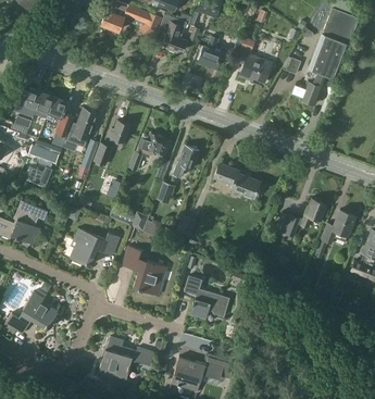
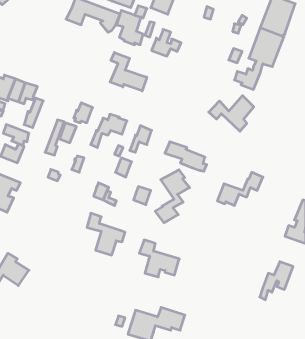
building: [235,38,270,82] -> none
building: none -> [110,52,147,91]
building: [66,108,96,146] -> none
building: none -> [209,96,254,131]
building: none -> [155,170,190,223]
building: [316,210,354,253] -> [260,262,293,300]
building: [70,228,120,265] -> none
building: [99,337,153,379] -> none

